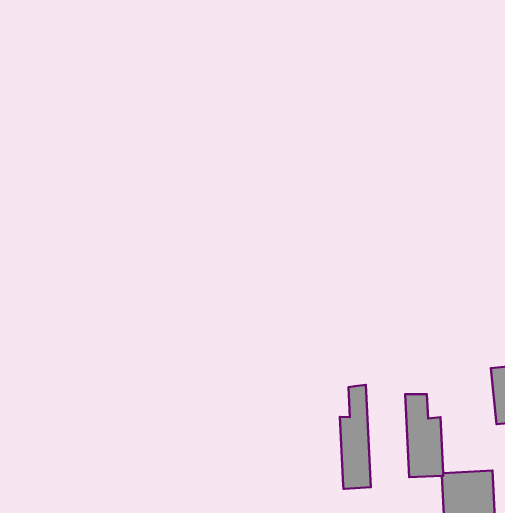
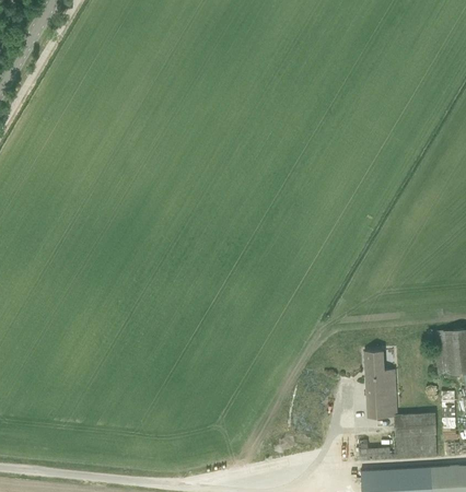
building: [340,385,371,489] -> none

